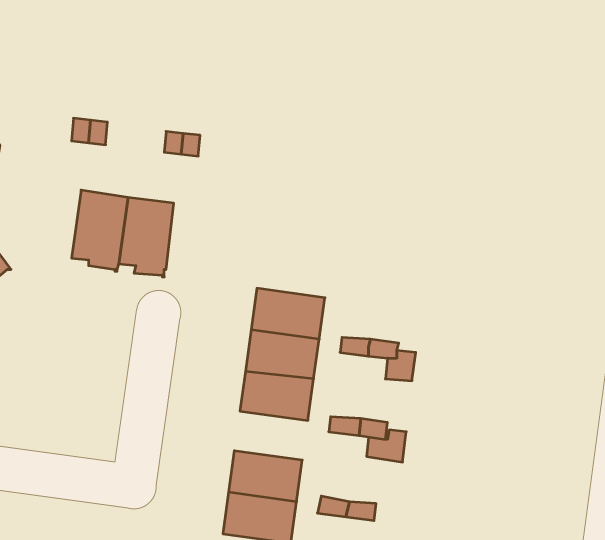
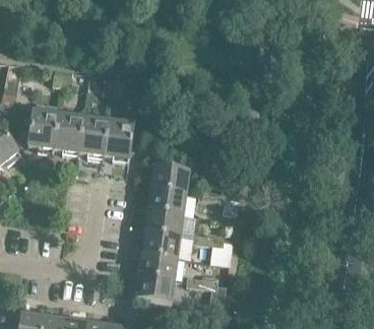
building: none -> [28,110,59,153]
building: none -> [105,112,136,163]
building: none -> [141,232,181,258]

